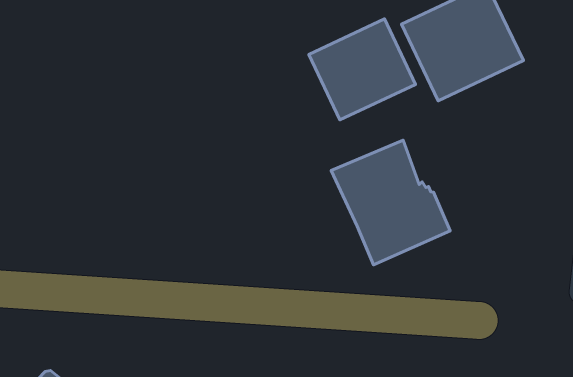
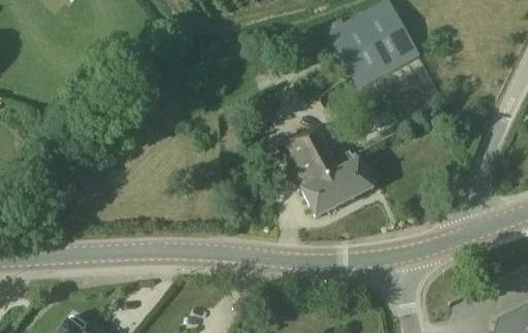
building: [309,19,416,120] -> none

